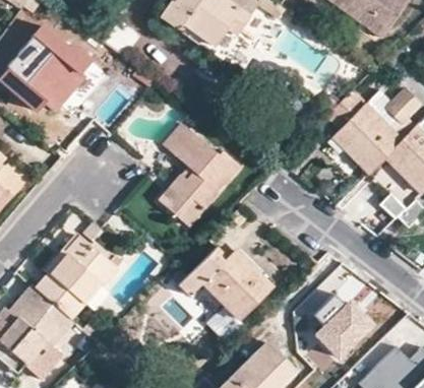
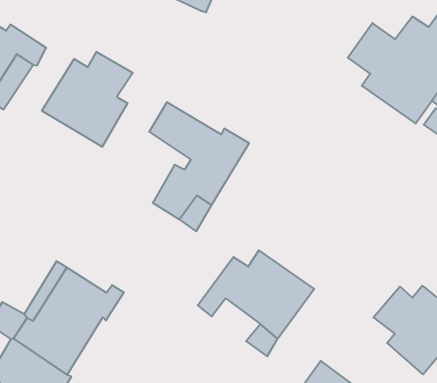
building: none -> [42,52,133,147]

